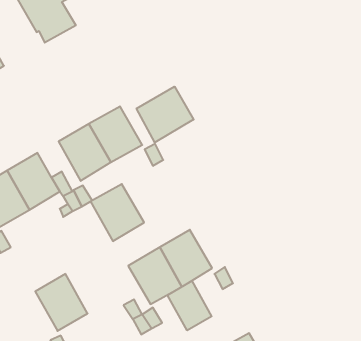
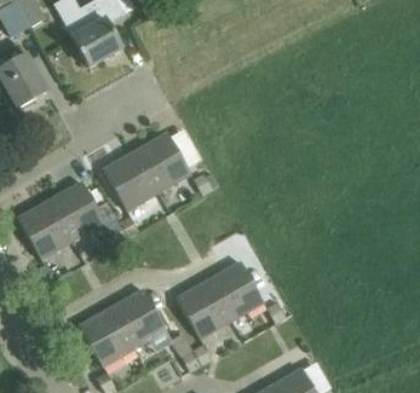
building: [137,87,194,143] -> none
building: [91,184,144,241] -> [111,288,167,347]
building: [168,281,212,330] -> none

